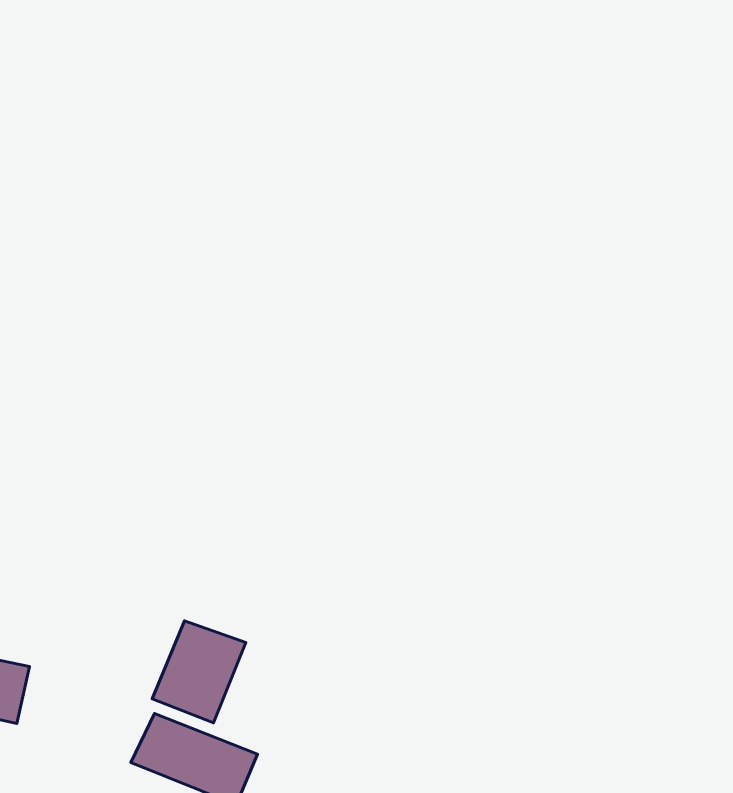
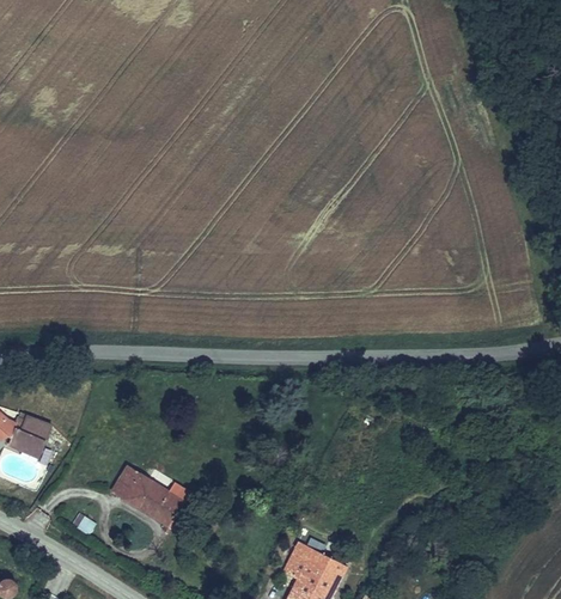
building: [152,621,246,723] -> none

